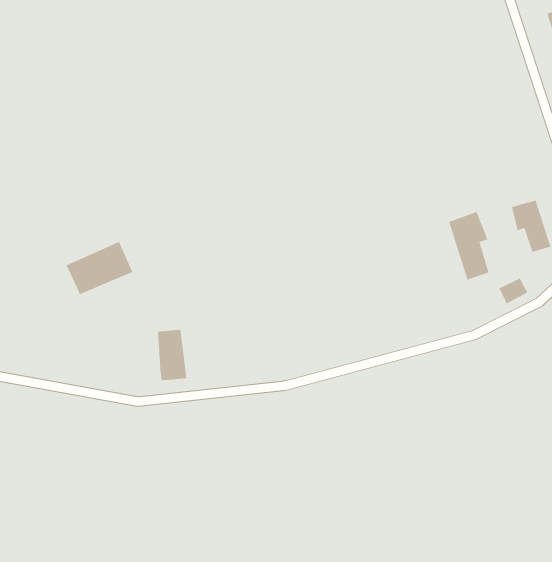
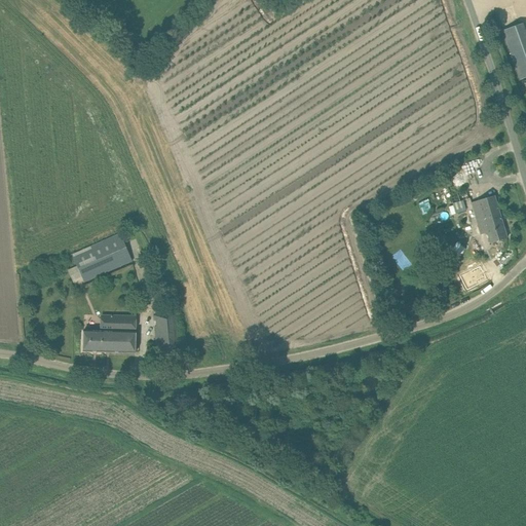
building: [448,211,489,280] -> none
building: none -> [83,315,136,352]

